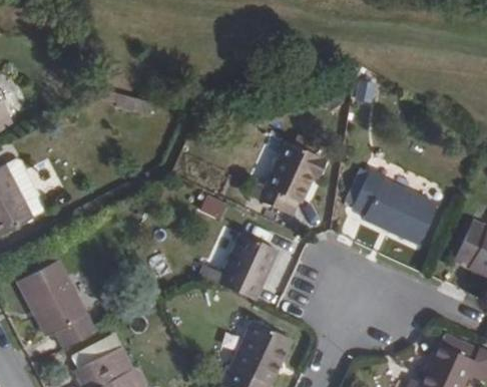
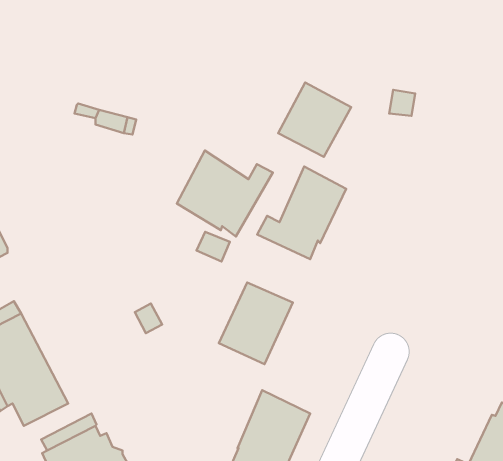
building: none -> [278,83,351,157]
building: none -> [177,150,273,236]
building: [353,167,438,243] -> none

